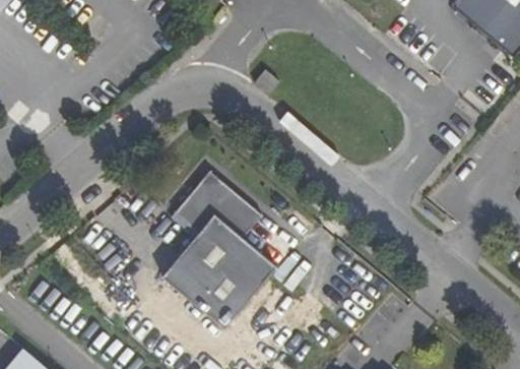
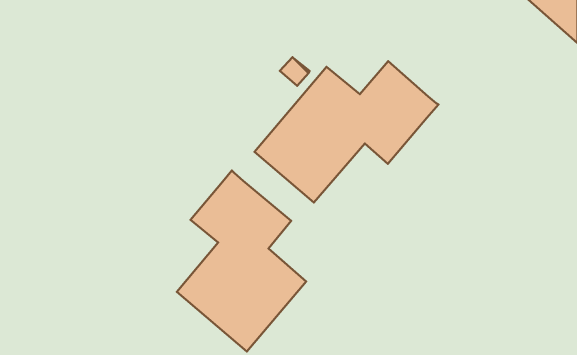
building: none -> [254,61,439,203]

